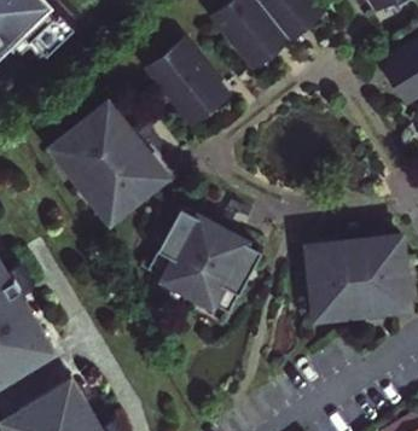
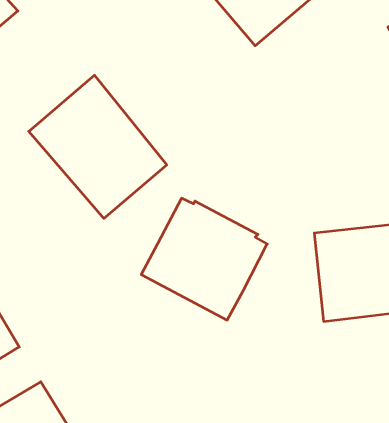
building: [150,37,238,129] -> none

